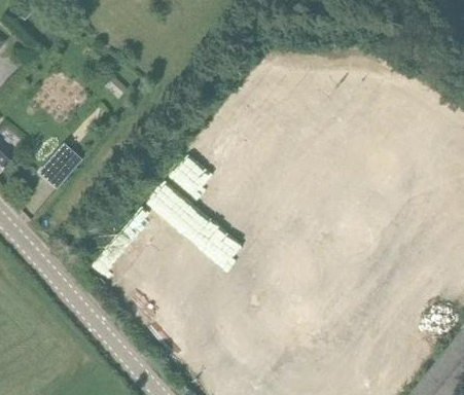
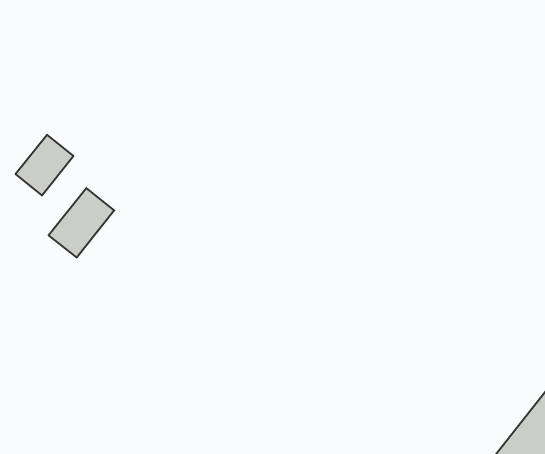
building: none -> [49,188,114,257]

